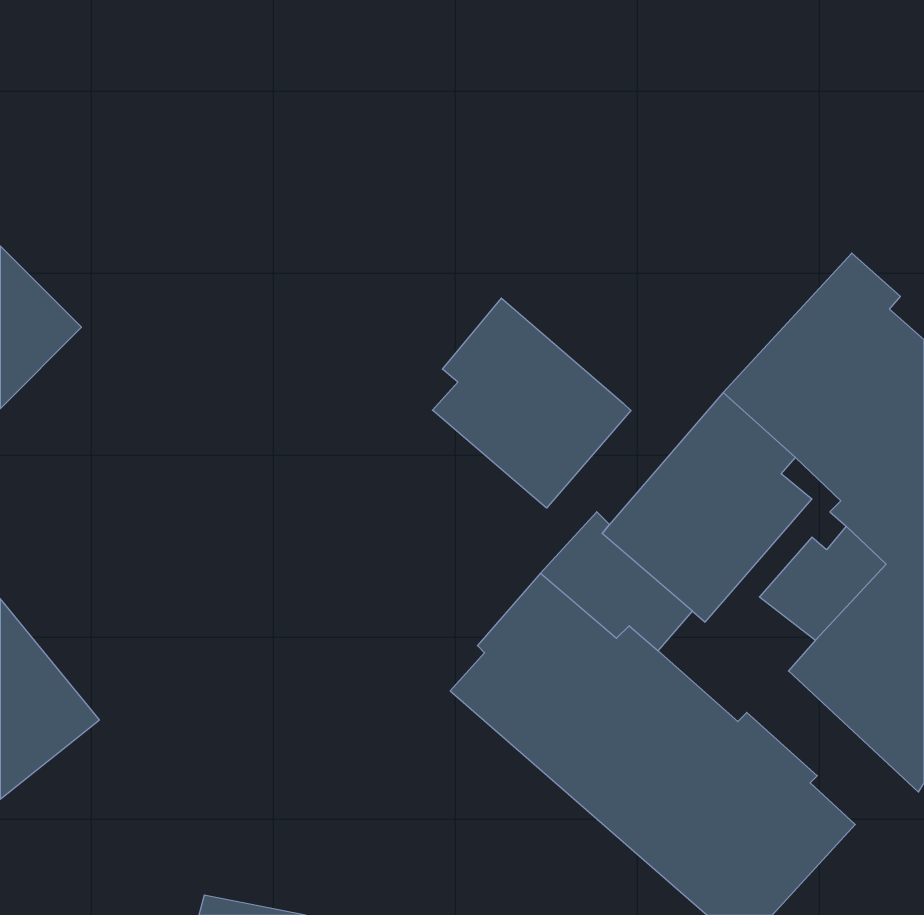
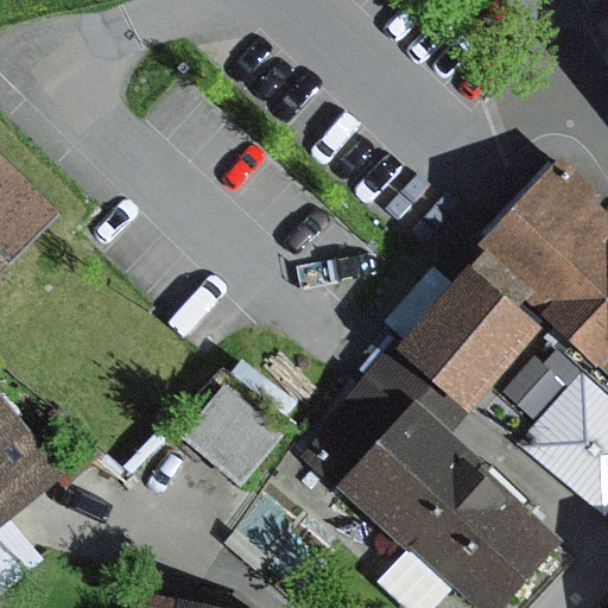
building: [432,298,631,508] -> none
building: none -> [179,385,283,486]

